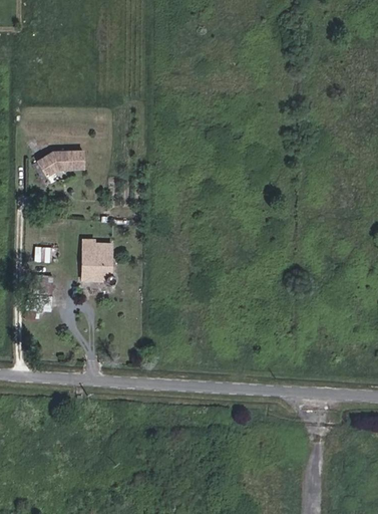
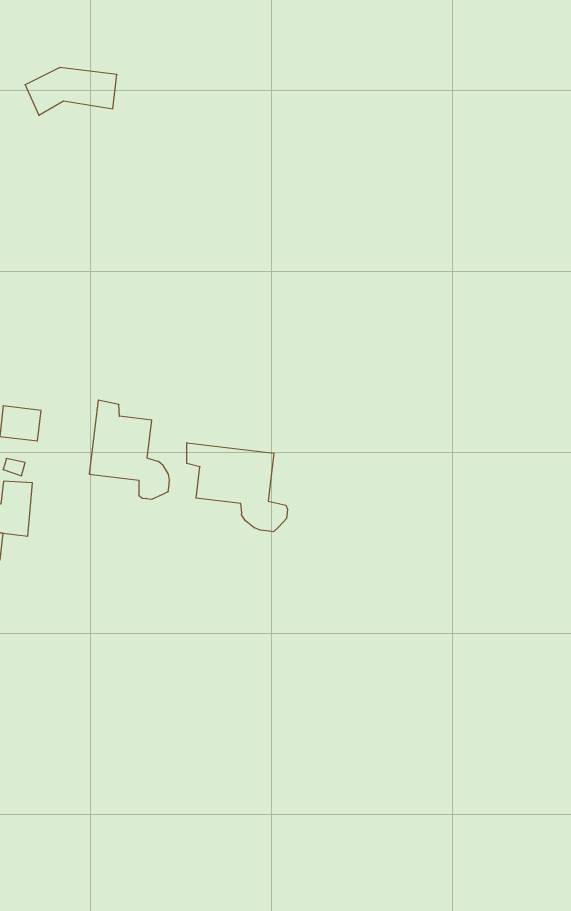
building: [36,150,83,176] -> [25,68,117,115]
building: none -> [187,443,288,532]

